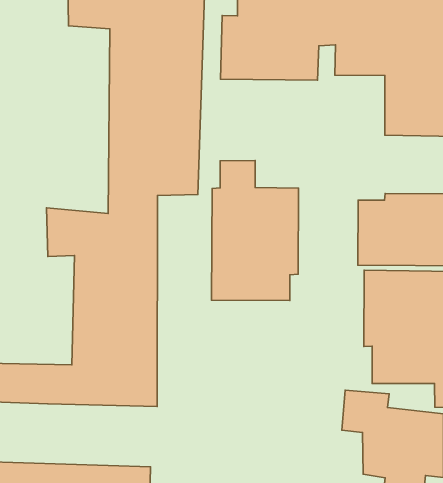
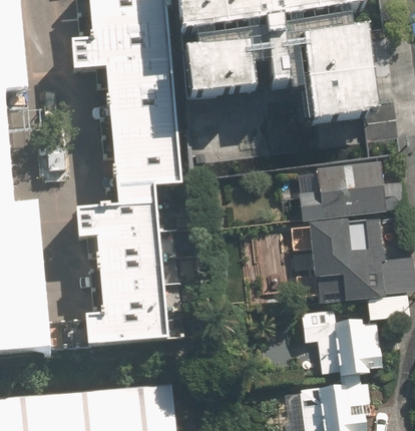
building: [212,161,299,301] -> none

